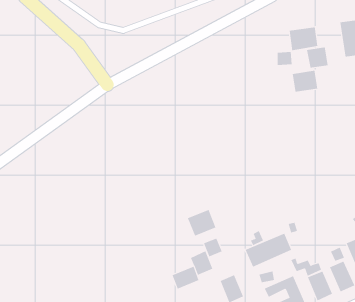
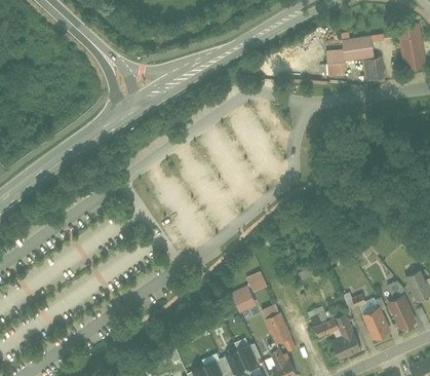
building: [292,70,318,93] -> none
building: [187,209,216,237] -> none
building: [245,233,292,268] -> none
building: [172,266,199,289] -> none

